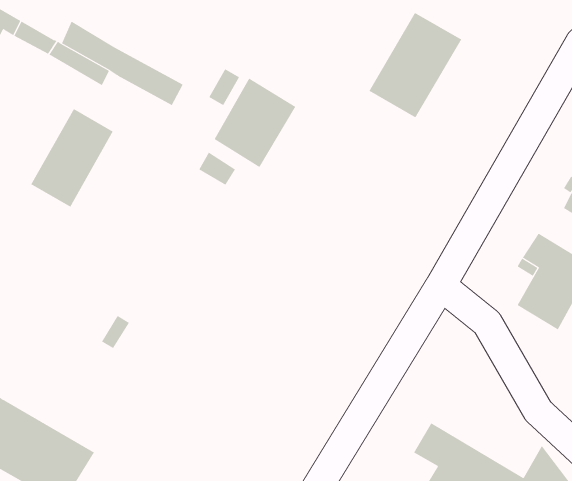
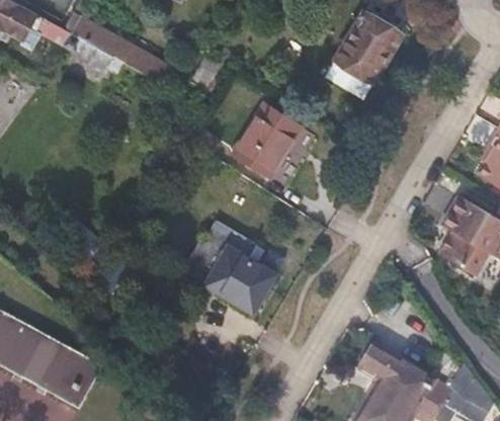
building: [214,78,296,168] -> [236,104,303,177]
building: [31,108,114,207] -> none
building: none -> [189,218,279,310]

